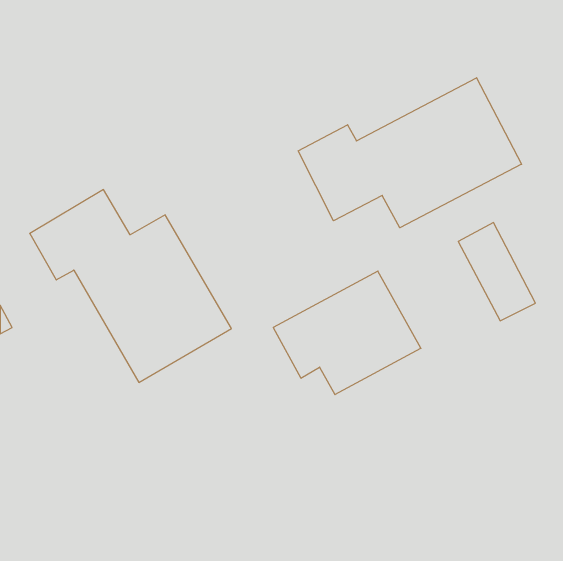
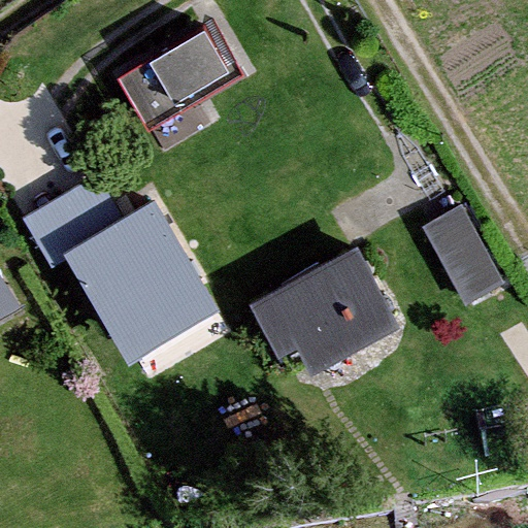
building: none -> [120,32,227,120]
building: [298,78,522,228] -> none

